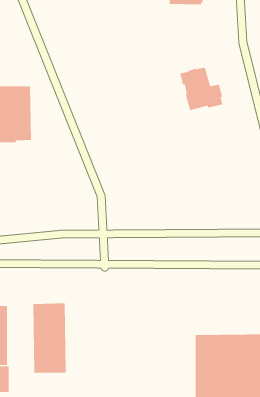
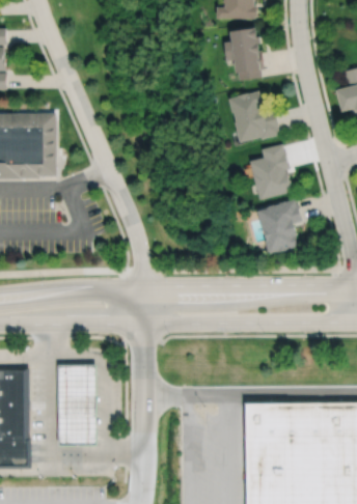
building: none -> [224,26,264,80]
building: none -> [250,143,292,199]
building: none -> [257,198,302,254]

